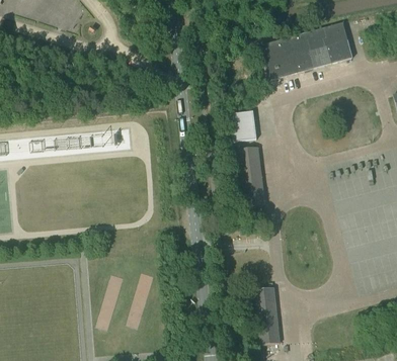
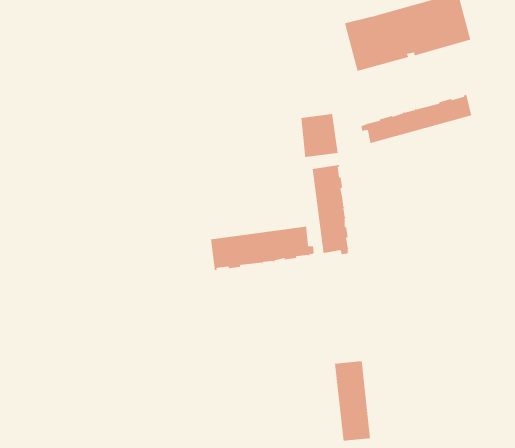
building: none -> [361,94,472,144]
building: none -> [211,226,314,271]

